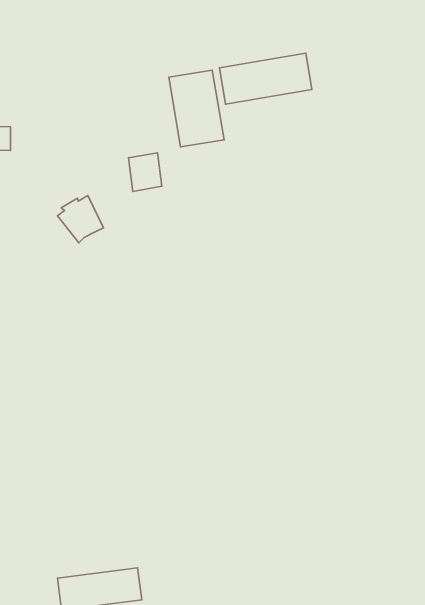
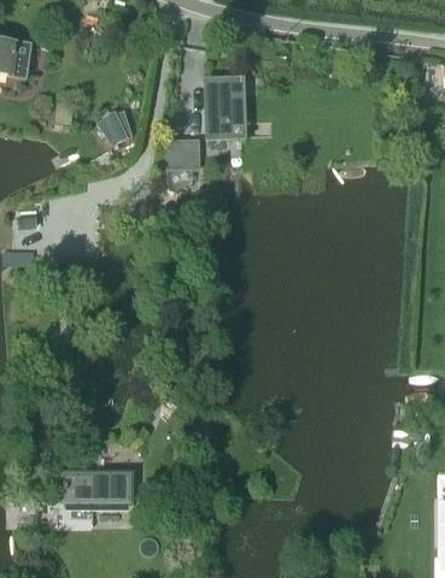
building: [220,53,312,104] -> none
building: [58,196,104,243] -> [96,110,133,147]

